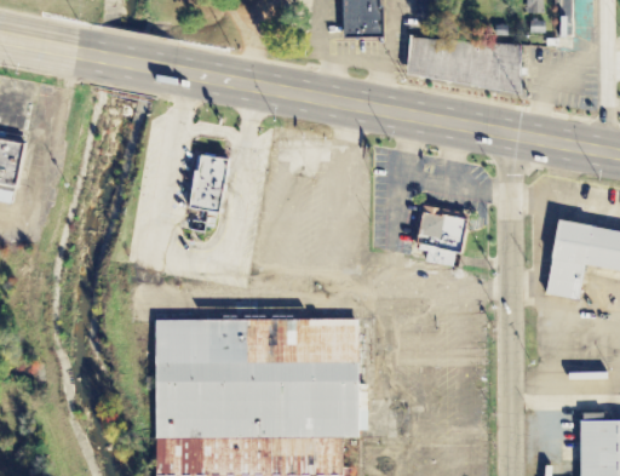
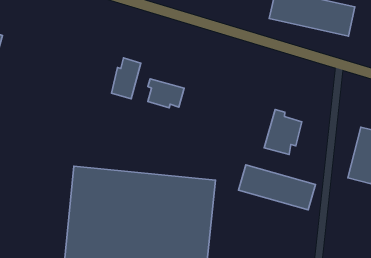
building: none -> [148,79,184,108]
building: none -> [239,165,315,210]

